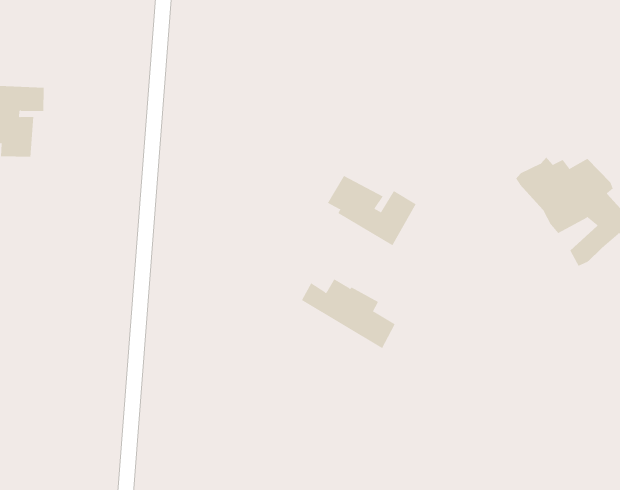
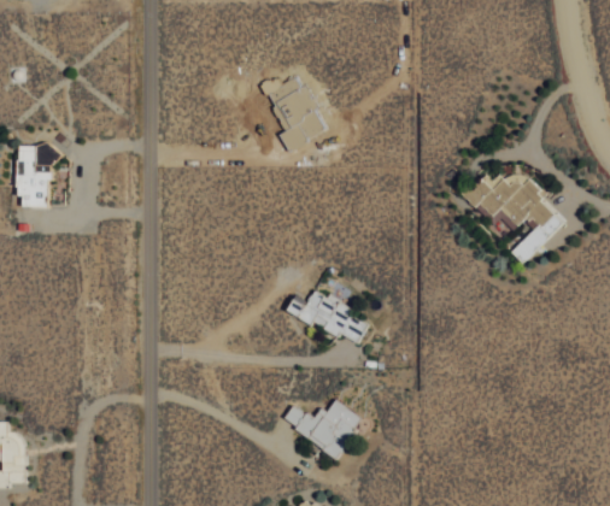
building: [327,175,417,246] -> none
building: none -> [281,399,362,457]

